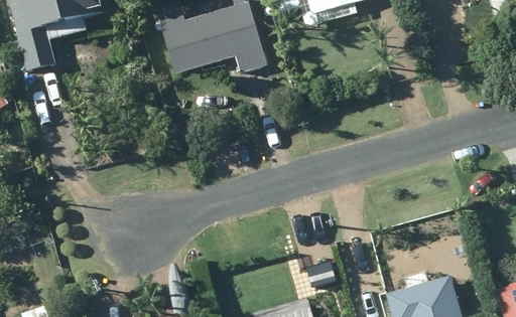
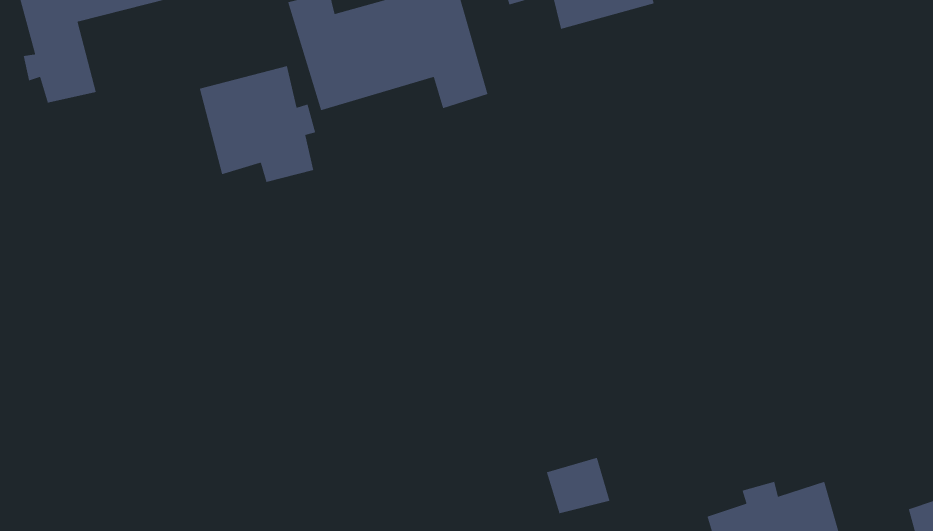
building: none -> [199,65,316,183]

